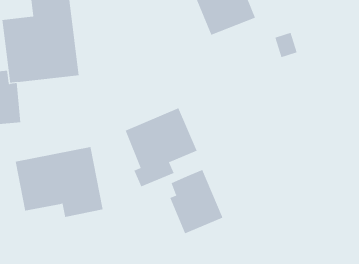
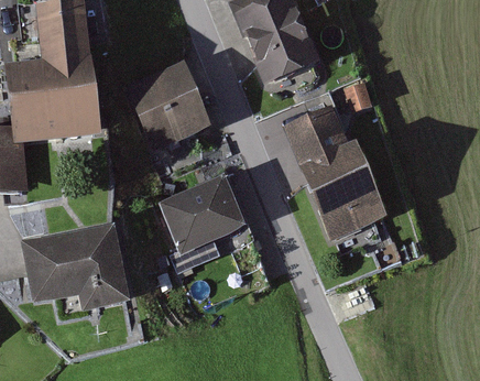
building: none -> [123,63,210,153]
building: none -> [282,105,385,239]
building: [169,169,223,234] -> none

